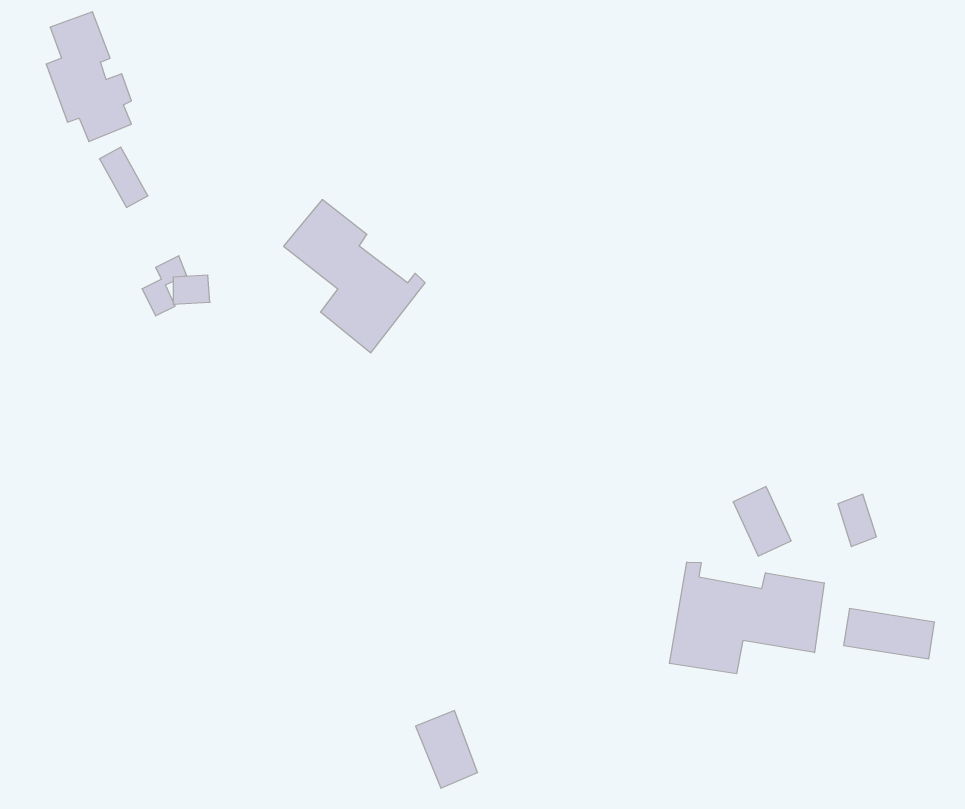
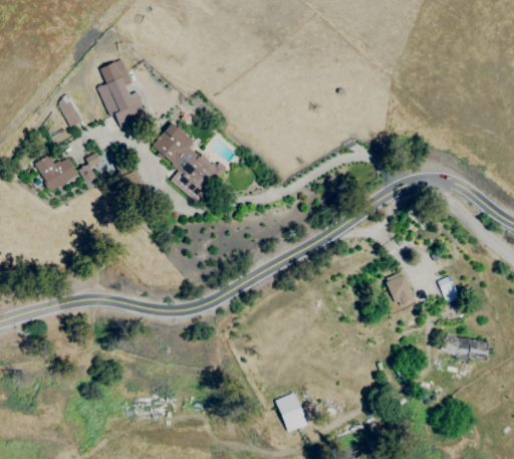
building: [46,12,131,142] -> [98,59,143,127]
building: none -> [35,155,78,191]
building: [669,562,824,674] -> none
building: [416,711,478,788] -> [275,392,307,432]

